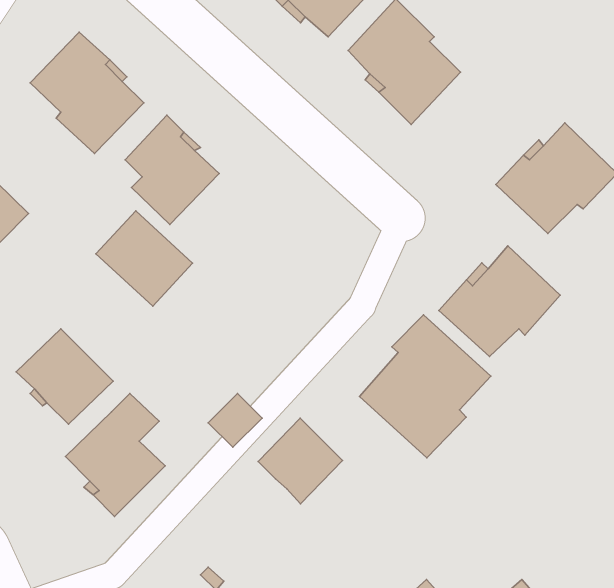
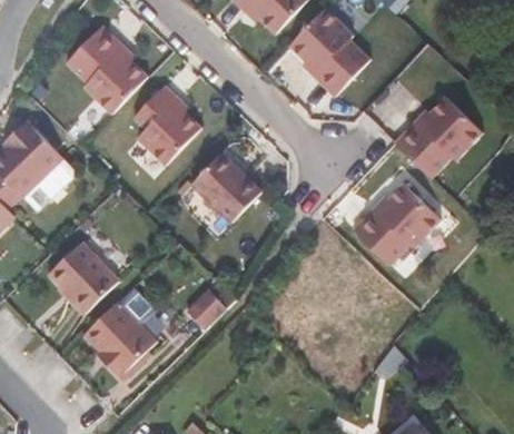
building: [96,211,193,306] -> [191,154,261,223]
building: [359,315,491,458] -> none
building: [258,418,343,504] -> none

